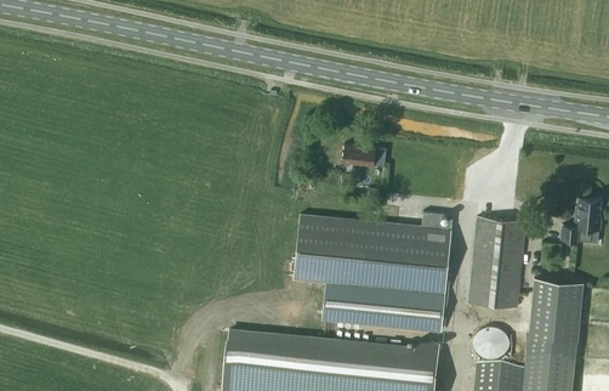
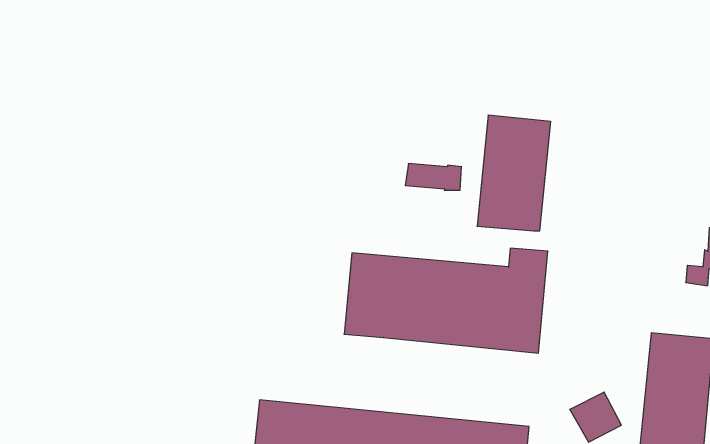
building: [468,215,525,305] -> [477,115,551,231]
building: [321,279,445,328] -> none

